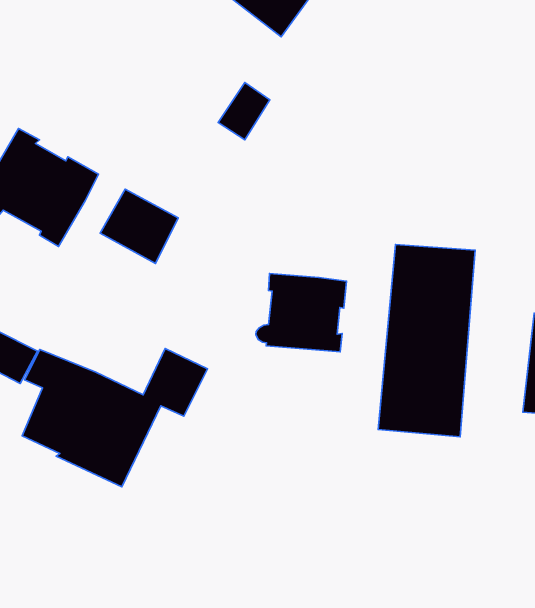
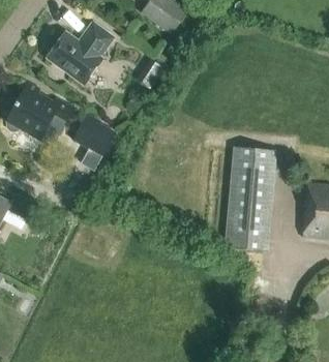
building: none -> [47,23,112,83]
building: [256,274,347,352] -> none
building: [22,348,208,487] -> none

